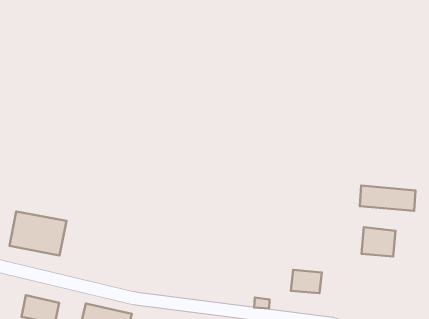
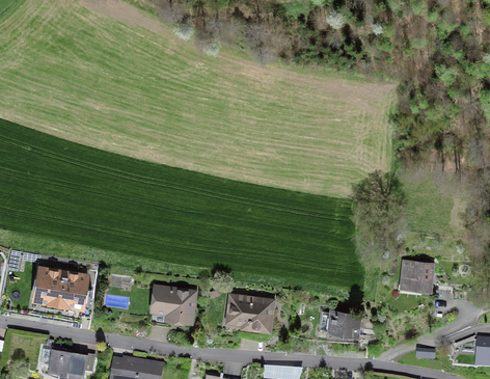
building: [360,185,415,211] -> none
building: none -> [148,283,196,324]
building: none -> [225,293,275,332]

